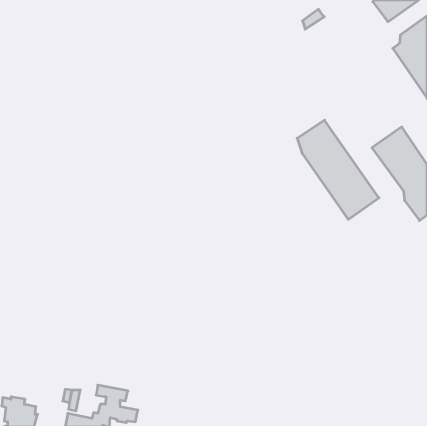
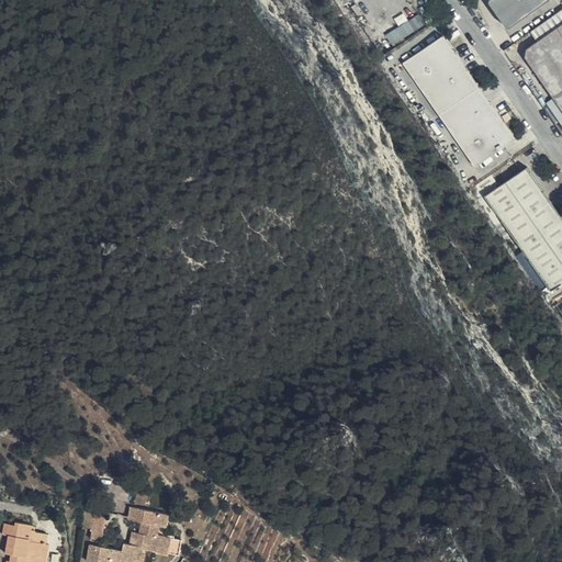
building: [297,120,379,219] -> [407,36,515,167]

